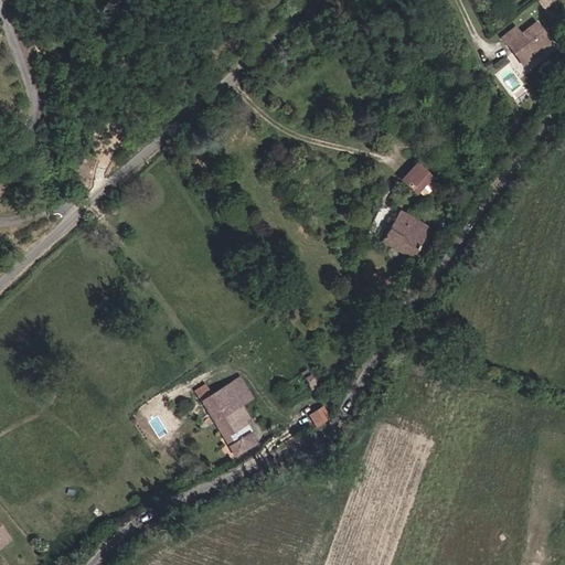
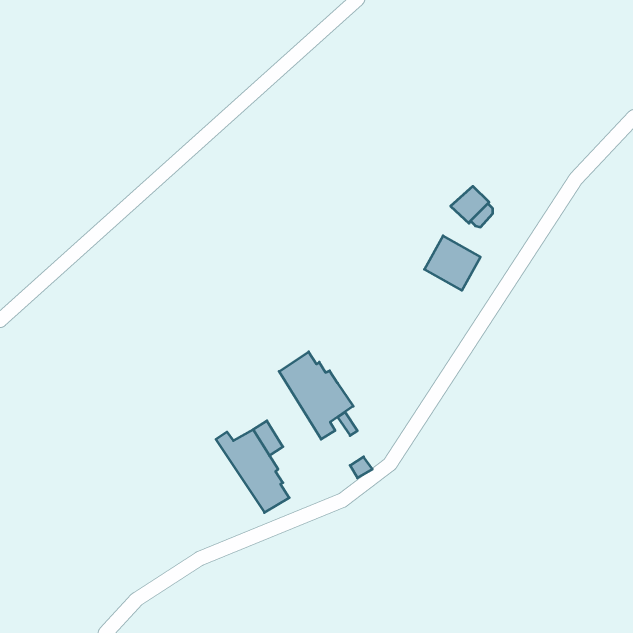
building: [501,22,553,64] -> none
building: none -> [279,352,353,439]

